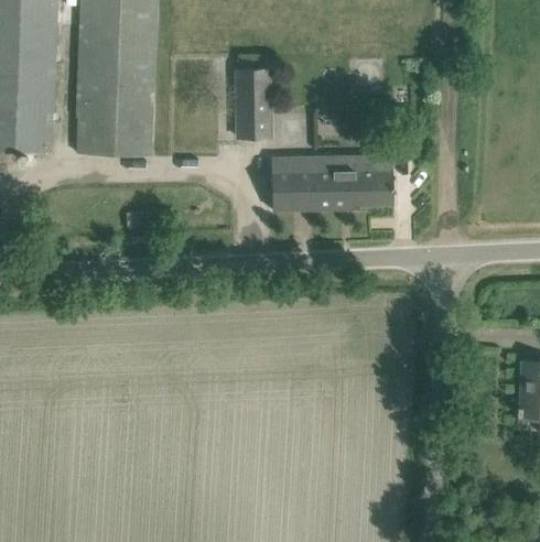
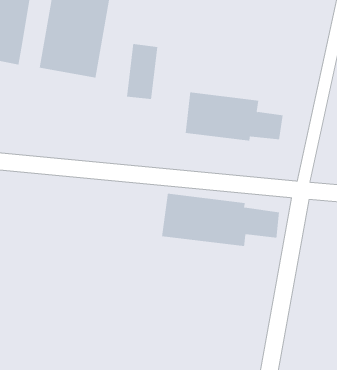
building: [236,69,270,138] -> [126,43,158,99]
building: none -> [162,193,280,247]

